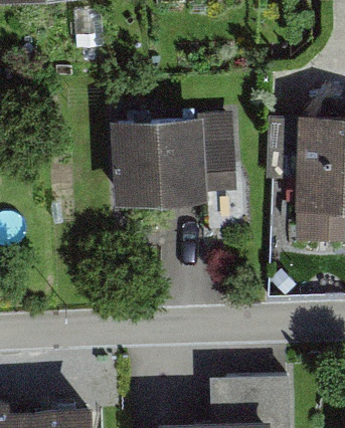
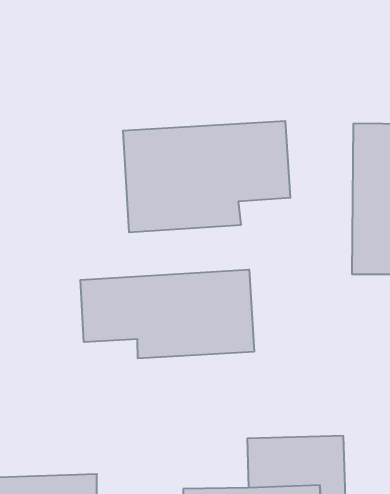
building: none -> [80,269,254,358]

